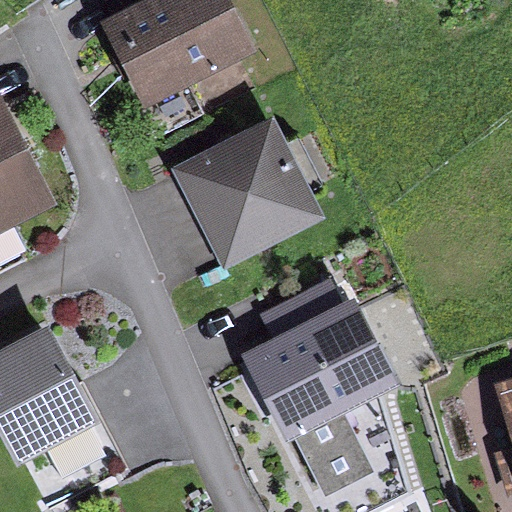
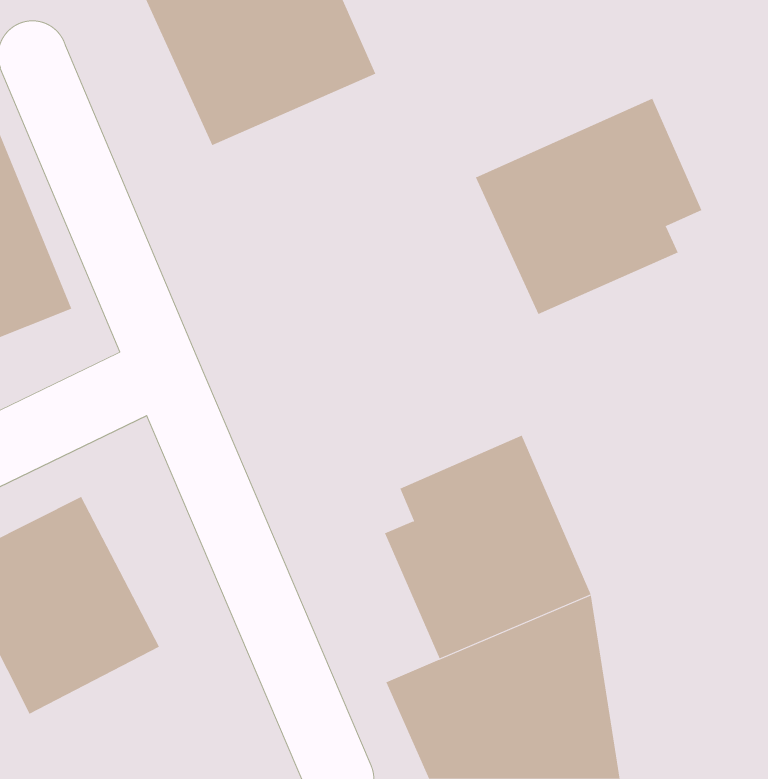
building: none -> [475,98,702,315]
building: [173,119,322,268] -> none

